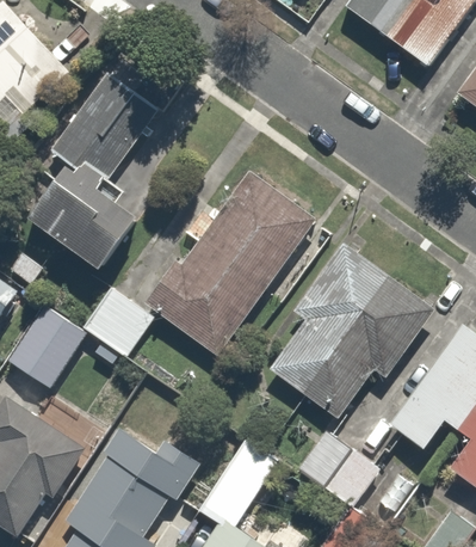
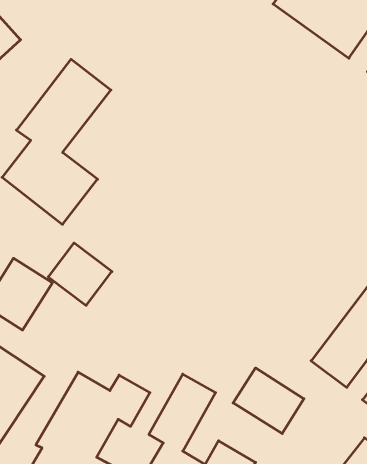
building: [150,173,311,351] -> none
building: [261,242,440,423] -> none

